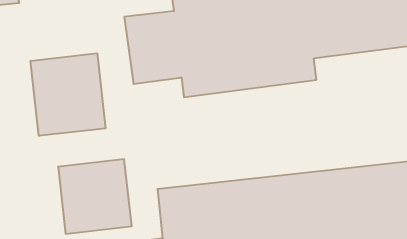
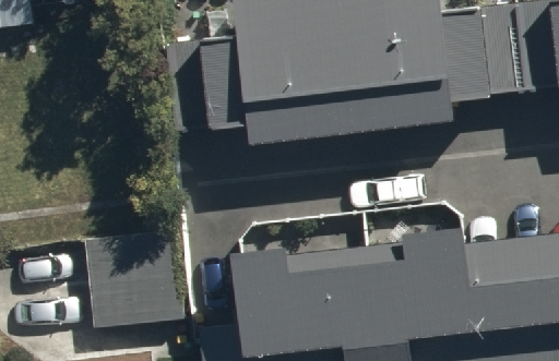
building: [31,53,105,136] -> none

